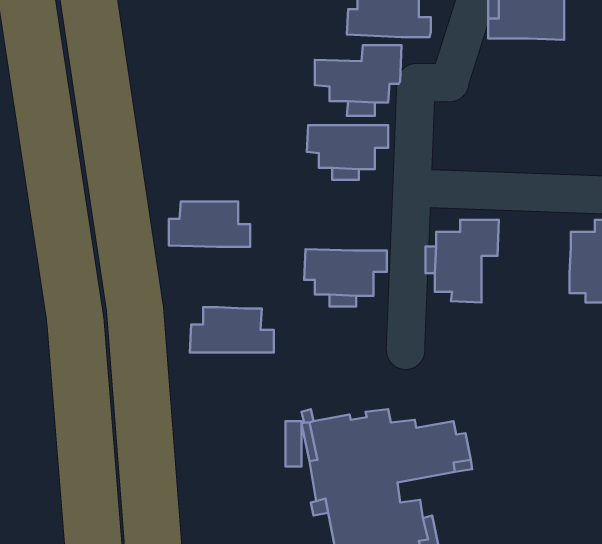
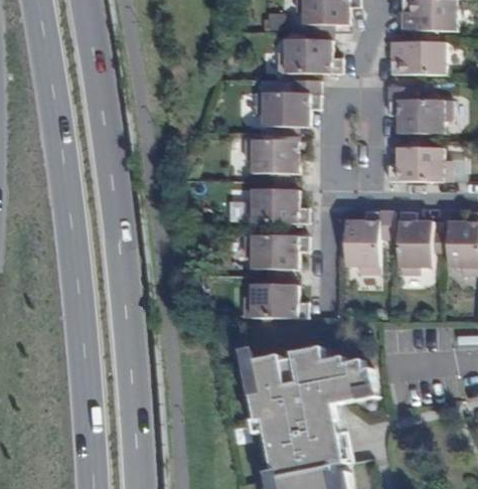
building: none -> [386,85,450,132]
building: none -> [385,145,449,179]
building: [169,202,250,247] -> [247,187,308,221]
building: none -> [397,210,432,273]
building: [190,307,274,353] -> [244,283,307,317]

